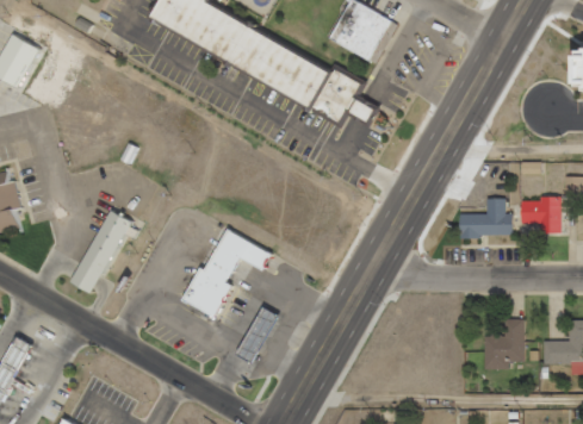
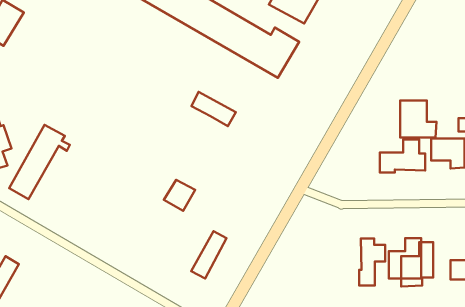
building: none -> [400,101,437,138]
building: [68,208,139,297] -> [9,125,70,199]
building: [218,230,271,270] -> [191,92,236,126]
building: [181,268,230,318] -> none
building: none -> [359,238,385,286]

